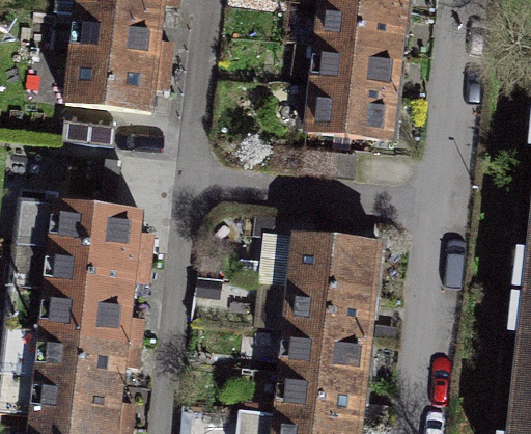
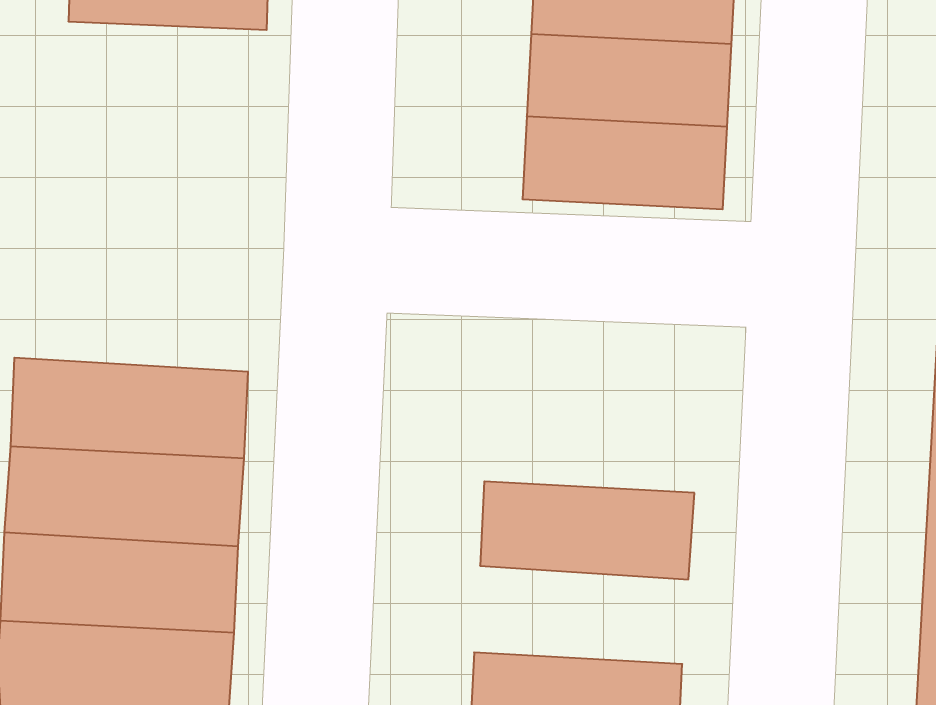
building: [60,26,174,127] -> none
building: [274,239,390,298] -> none
building: [262,329,379,388] -> none

